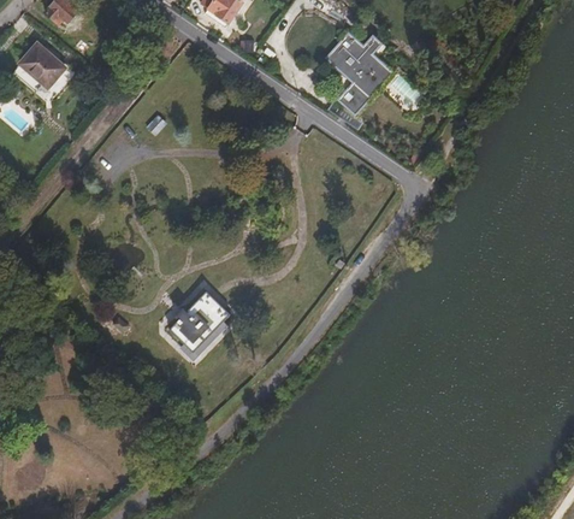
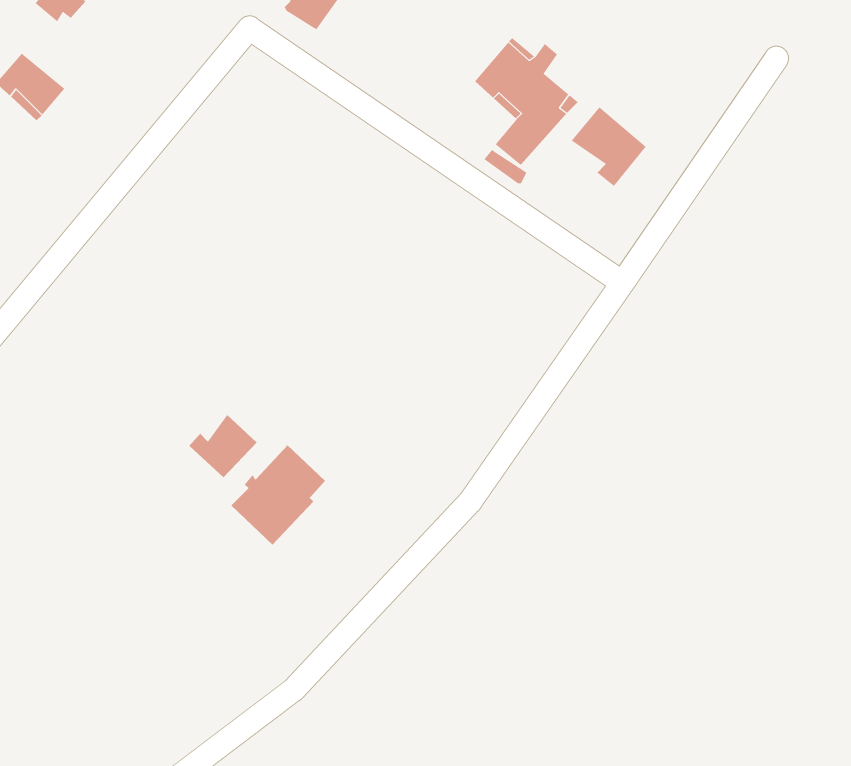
building: none -> [571,106,647,187]
building: none -> [188,414,258,478]

